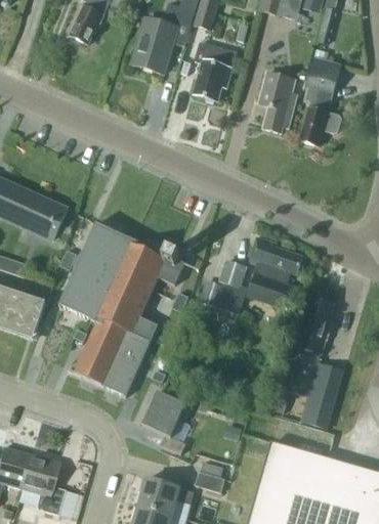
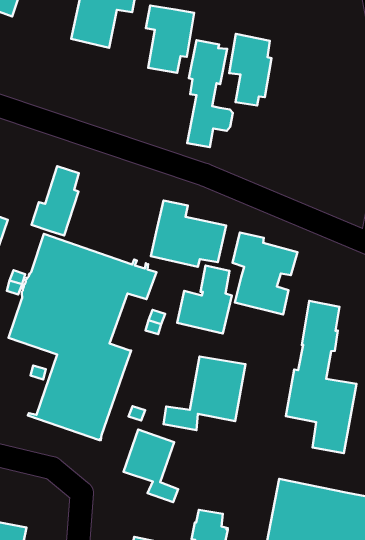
building: [300,55,340,144] -> [187,40,233,147]
building: none -> [32,166,79,235]
building: none -> [151,201,226,267]
building: none -> [164,356,245,430]

